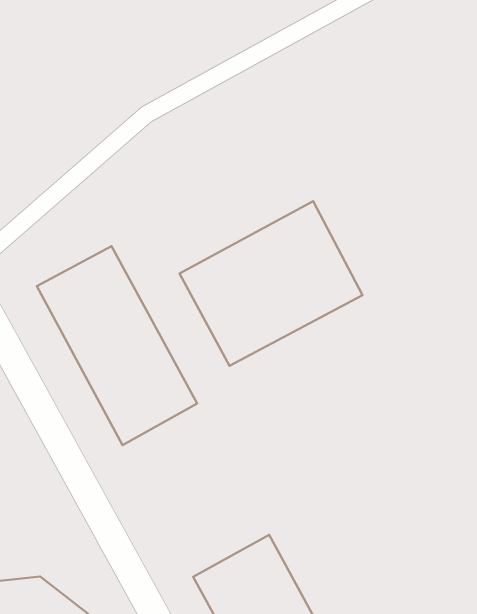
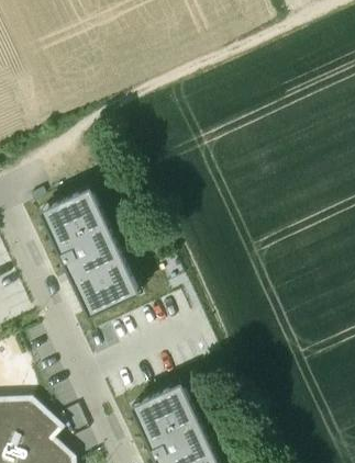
building: [179,201,363,366] -> none

